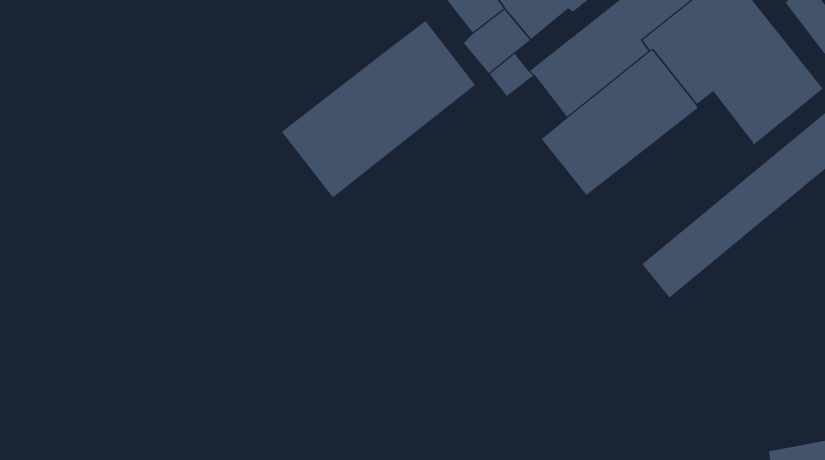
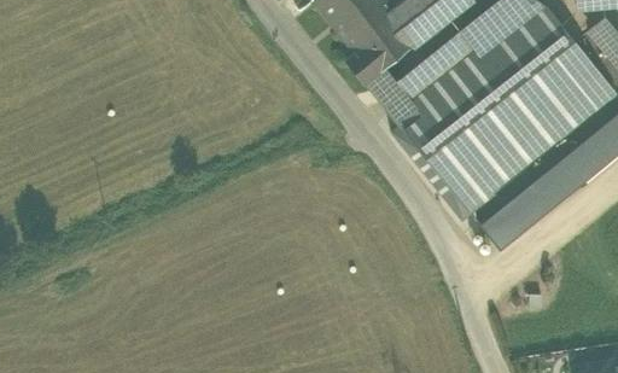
building: [281,20,476,198] -> none
building: none -> [380,84,425,132]
building: none -> [439,97,562,212]

